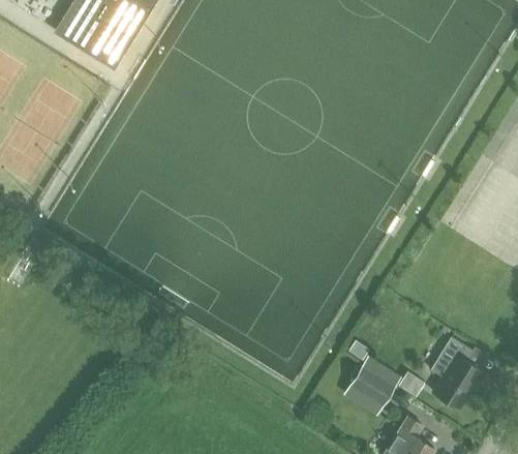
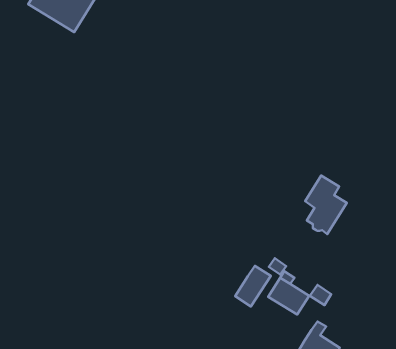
building: [431,338,482,410] -> [305,175,347,234]
building: none -> [235,266,271,306]

